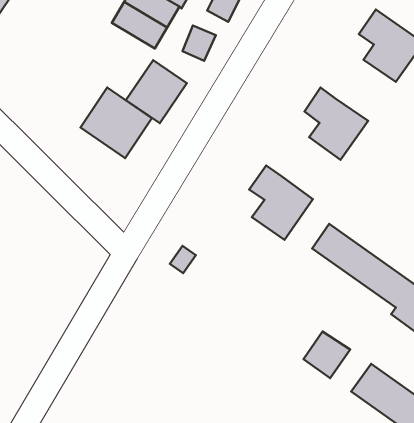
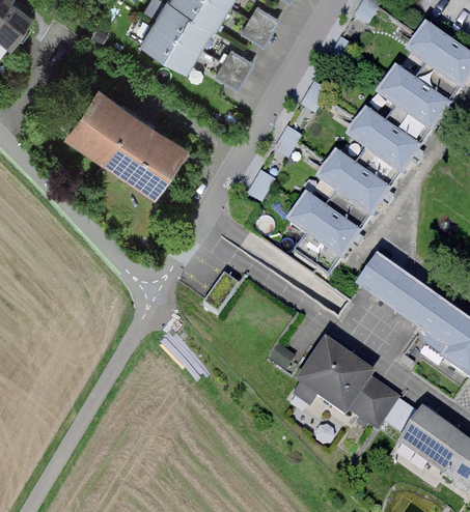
building: none -> [379,66,449,145]
building: [126,60,187,123] -> [68,84,135,152]
building: none -> [320,151,389,230]
building: none -> [300,343,369,409]

